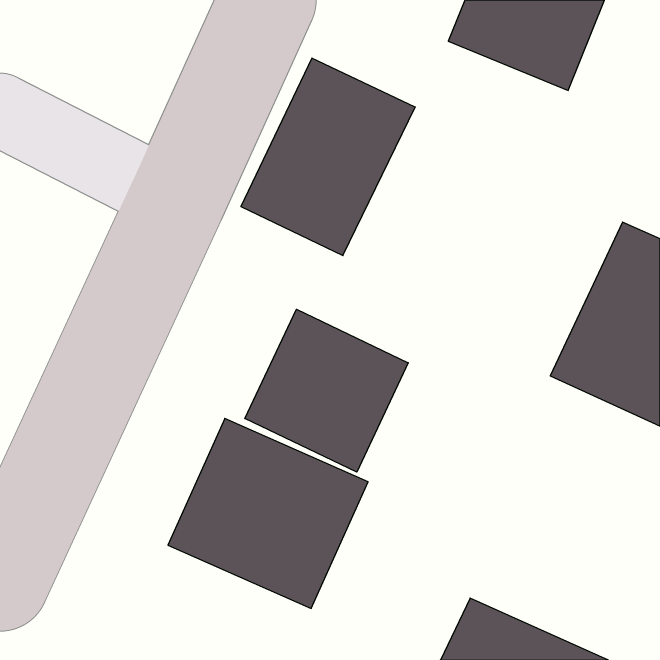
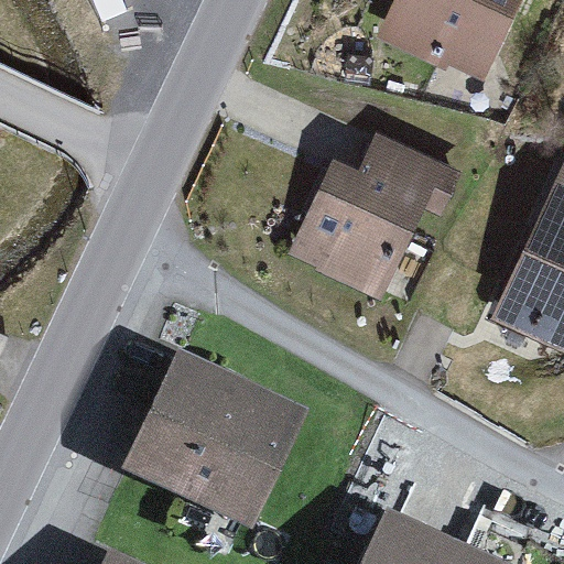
building: [241,58,415,256] -> [290,133,438,302]
building: [245,309,408,472] -> none

